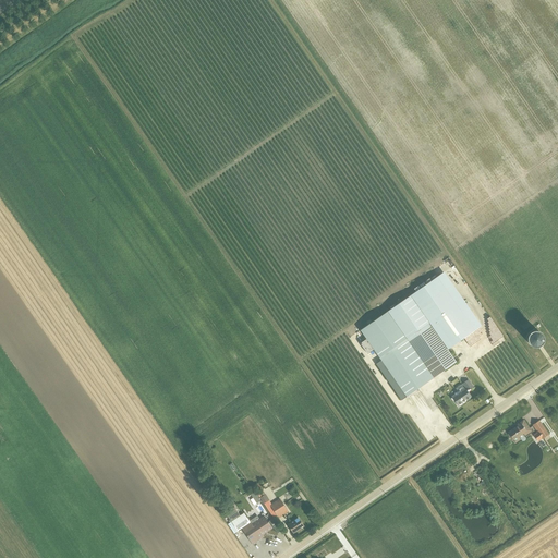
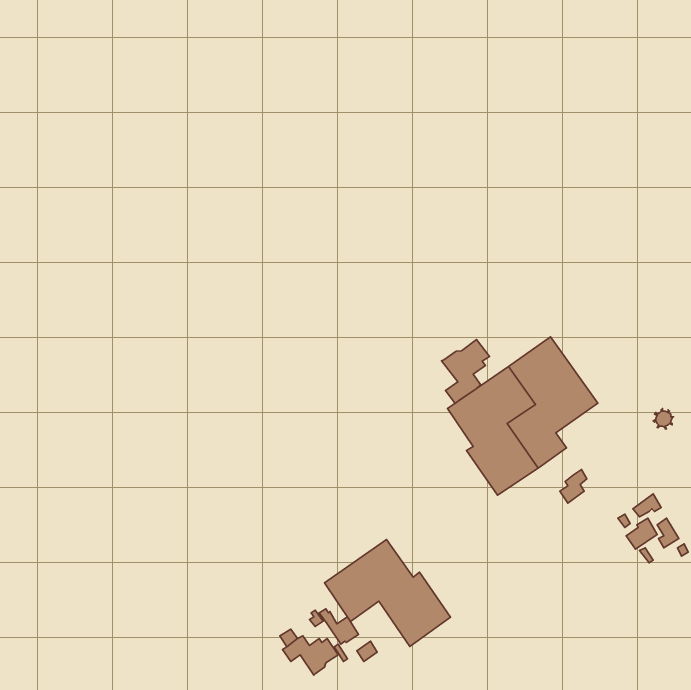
building: none -> [442,339,490,403]
building: none -> [325,540,450,646]

